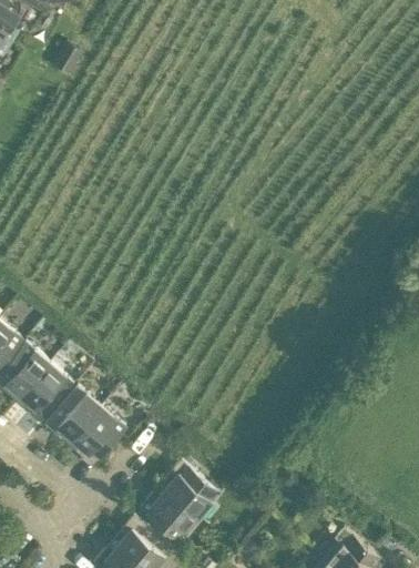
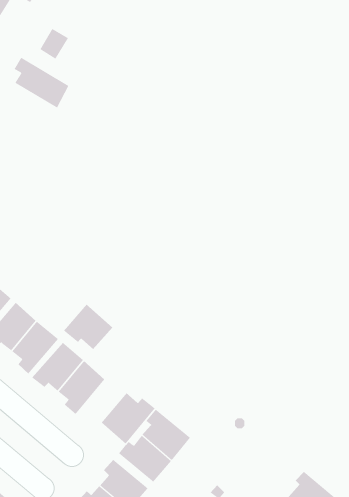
building: none -> [14,57,69,108]
building: none -> [63,304,113,350]
building: none -> [101,393,156,444]

